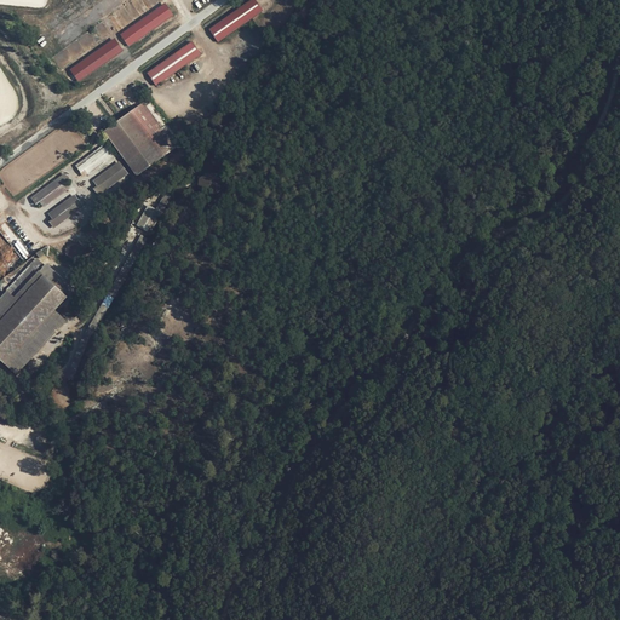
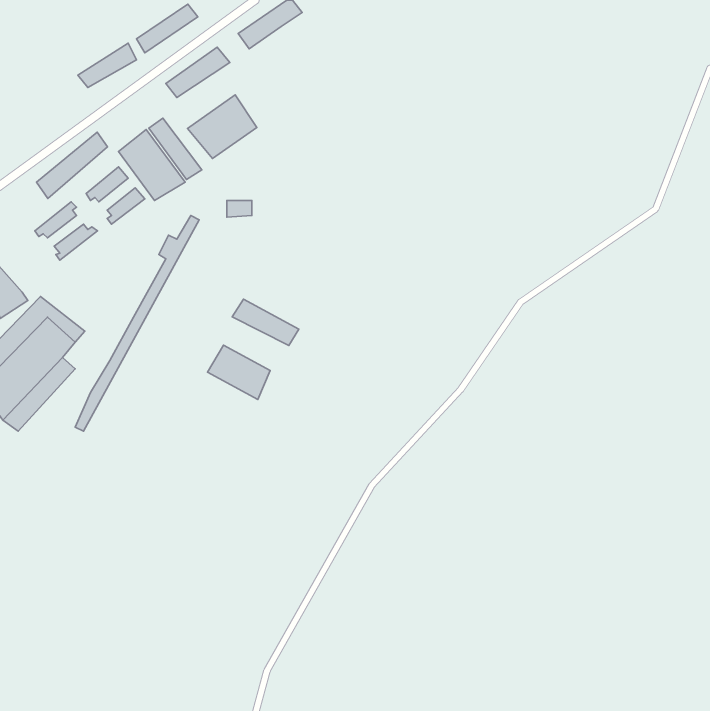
building: none -> [188,95,257,158]
building: none -> [37,132,107,199]
building: none -> [232,299,299,345]
building: none -> [207,345,270,399]

